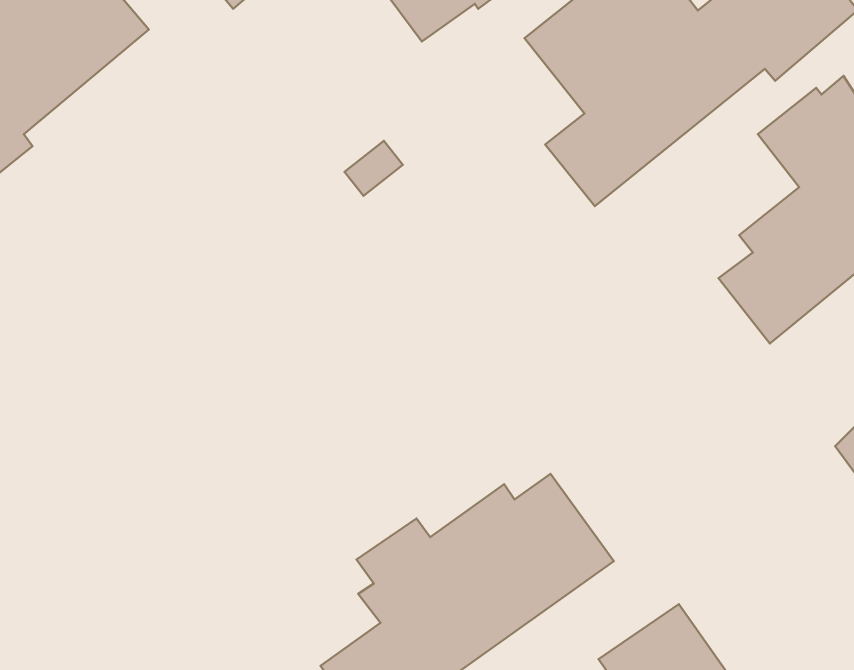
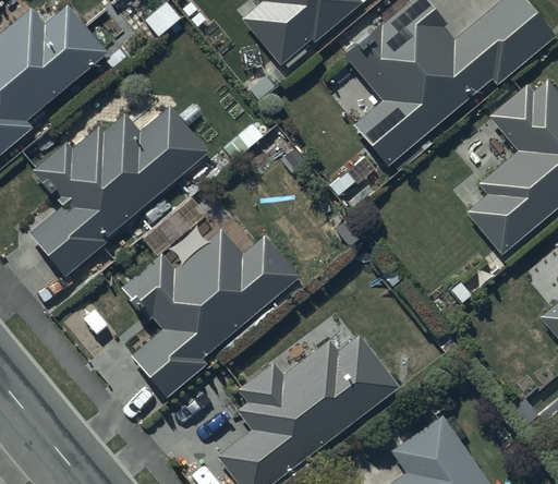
building: none -> [29,107,207,273]
building: none -> [122,230,301,395]

